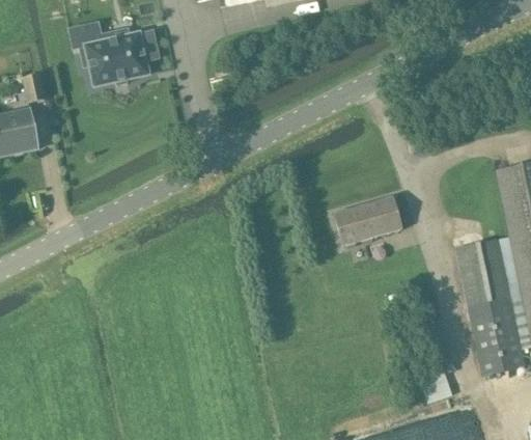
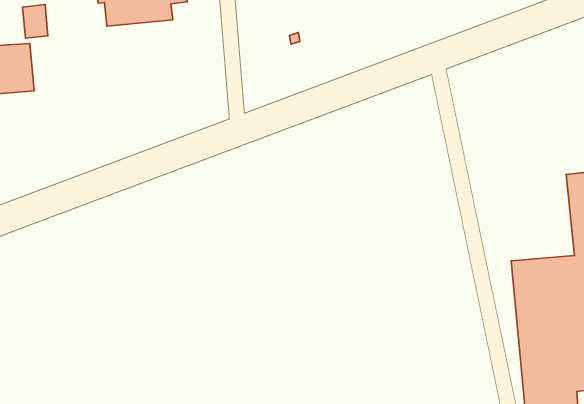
building: [333,194,401,243] -> none

